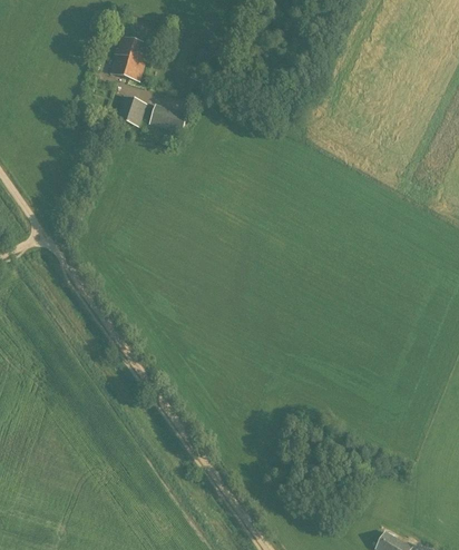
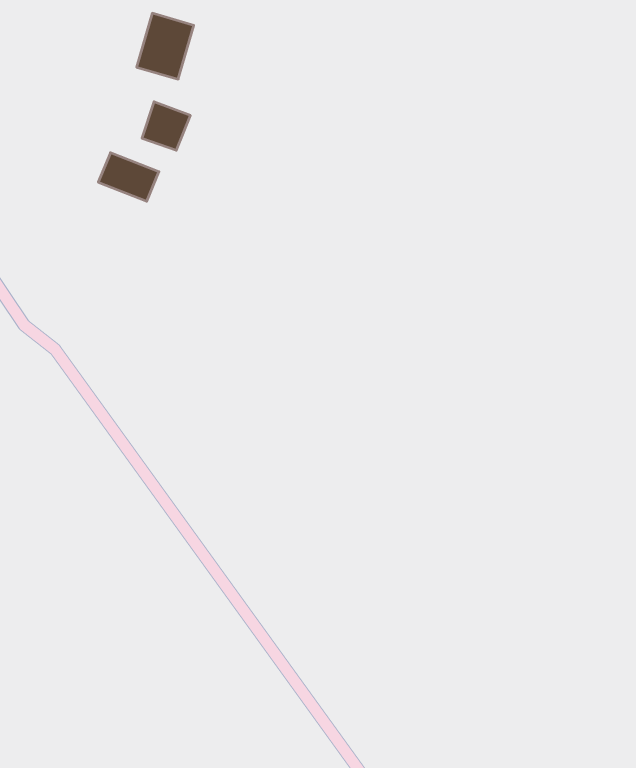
building: [149,102,188,134] -> [98,153,159,201]

